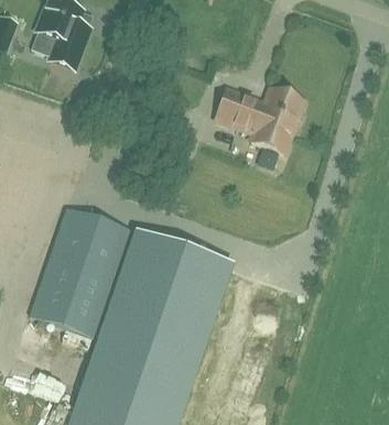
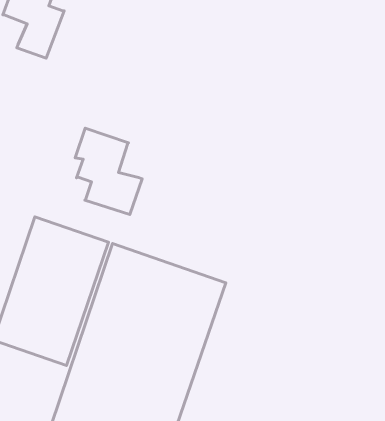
building: [216,86,304,150] -> none
building: none -> [75,128,142,214]

